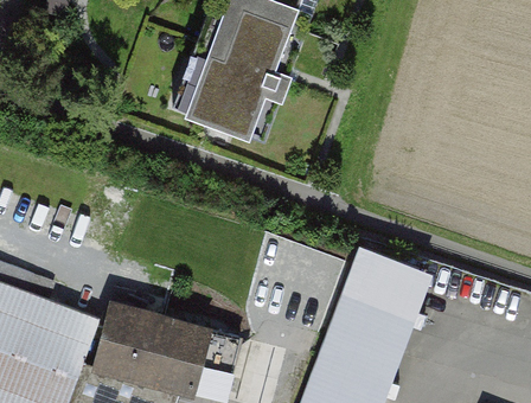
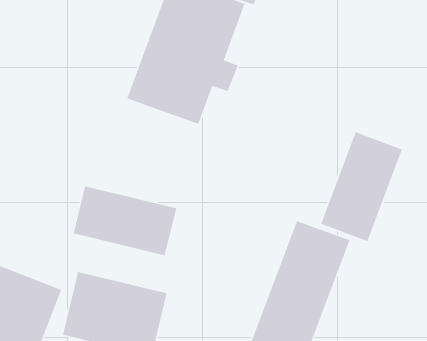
building: none -> [320,131,403,242]
building: none -> [73,185,177,256]

